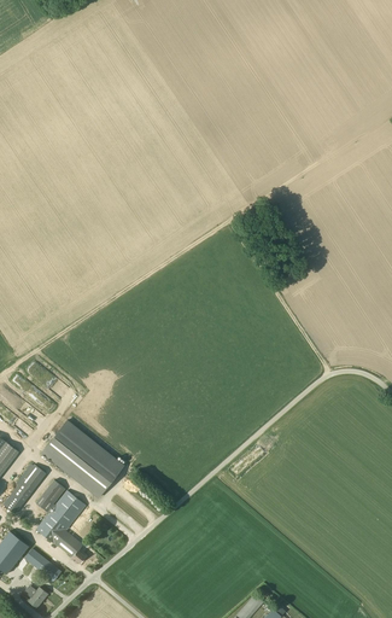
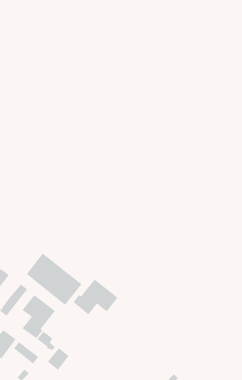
building: none -> [73,278,119,316]
building: none -> [47,347,69,371]

